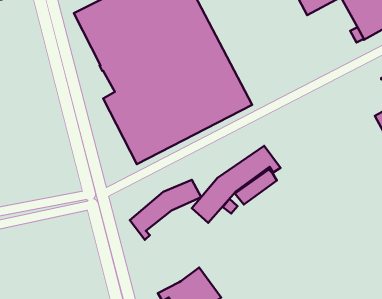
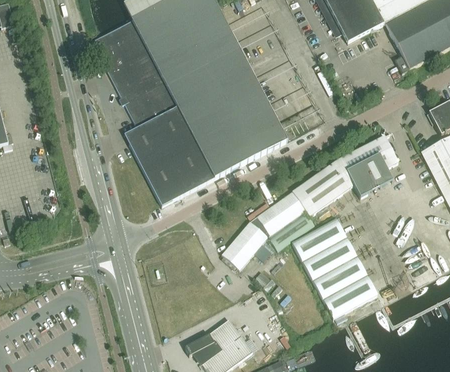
building: none -> [300,134,398,209]
building: none -> [292,218,377,317]
building: [130,180,201,240] -> none

